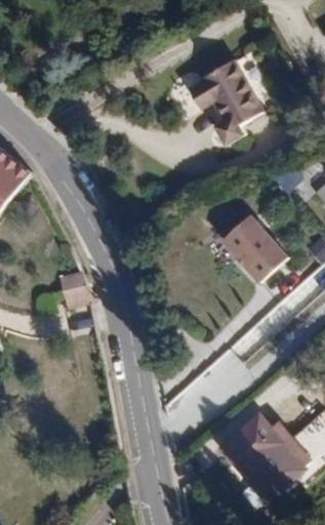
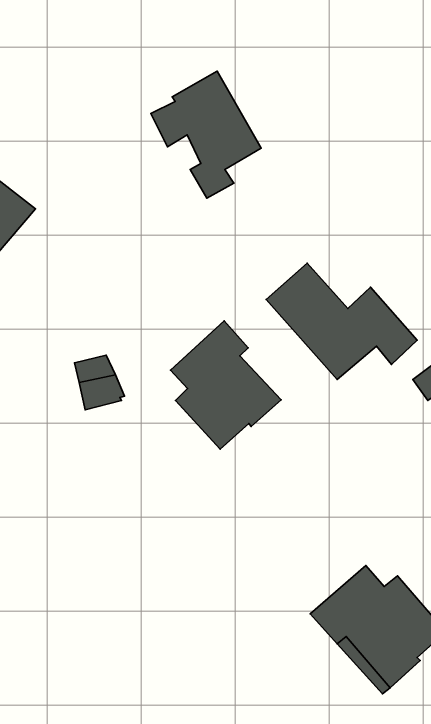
building: [191,57,266,144] -> [151,71,261,198]
building: none -> [170,321,281,449]

